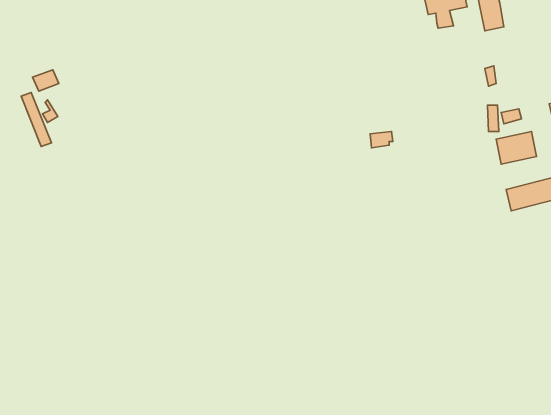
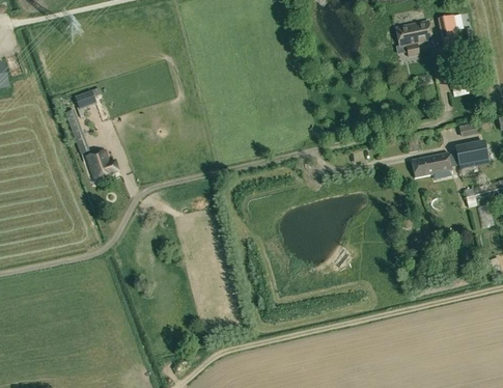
building: none -> [85,149,117,177]
building: none -> [411,153,450,176]

